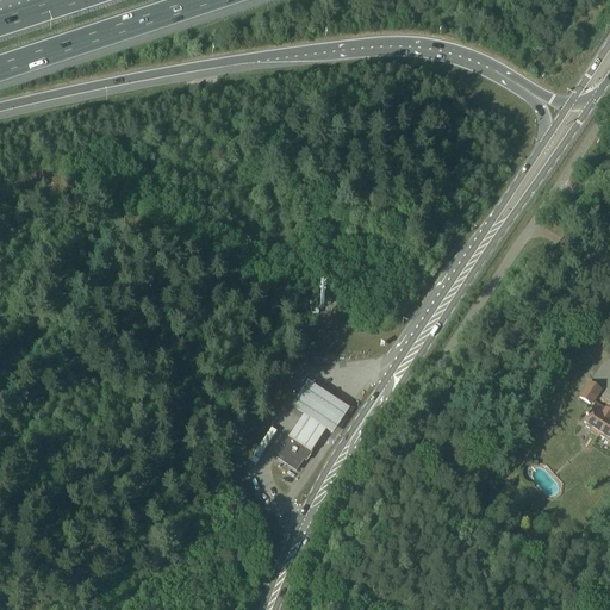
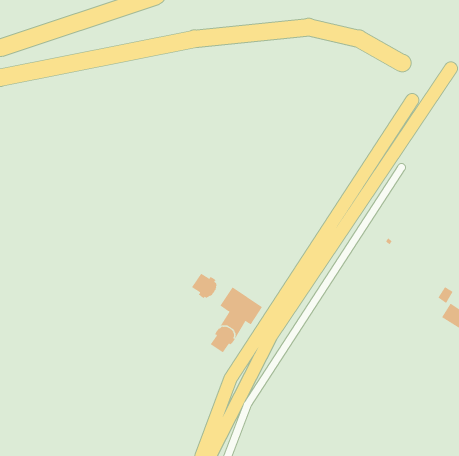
building: none -> [191,273,217,299]

